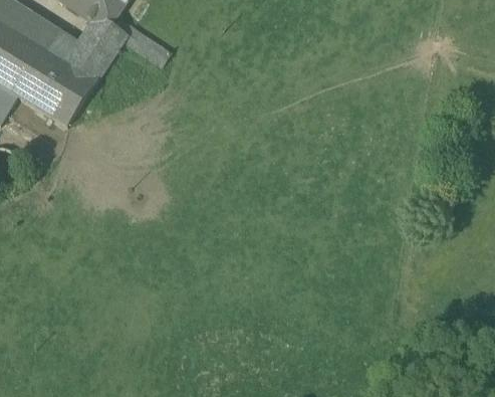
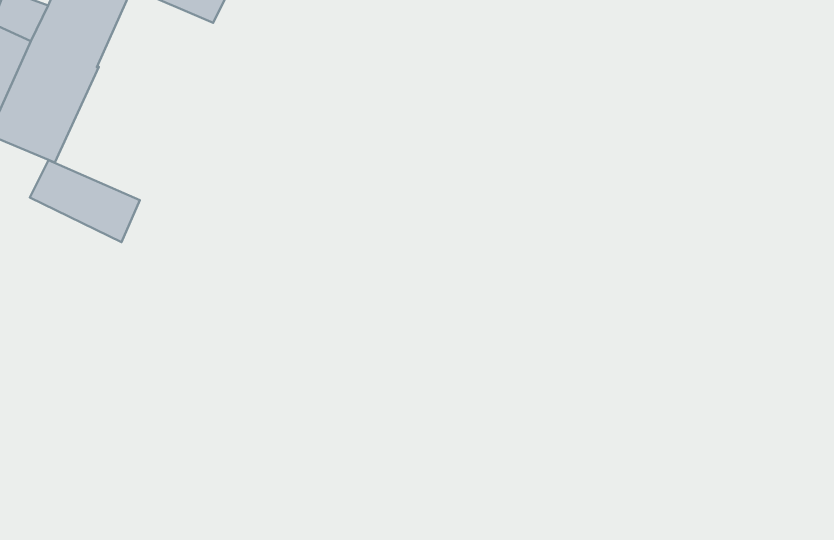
building: none -> [30,160,140,242]

